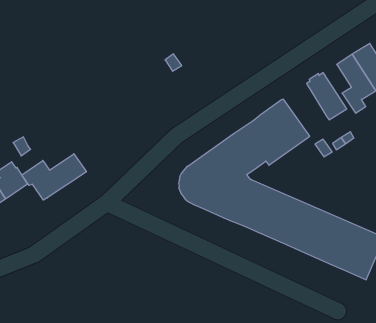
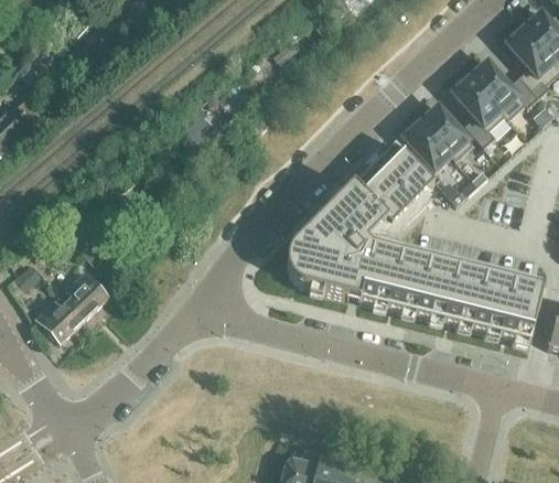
building: none -> [404,118,452,169]
building: [22,154,86,200] -> none

